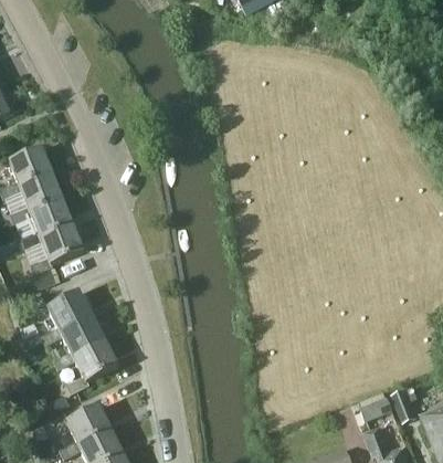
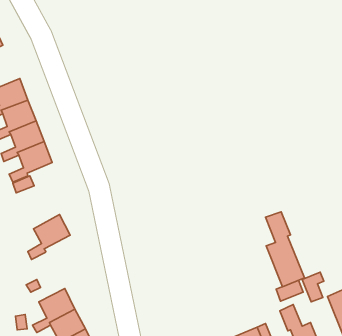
building: [39,288,91,344] -> none
building: none -> [266,212,305,287]
building: [64,338,117,392] -> none

